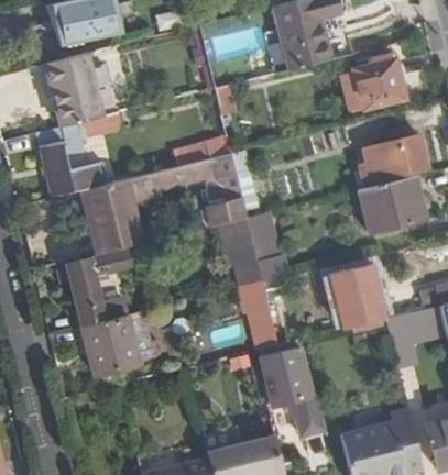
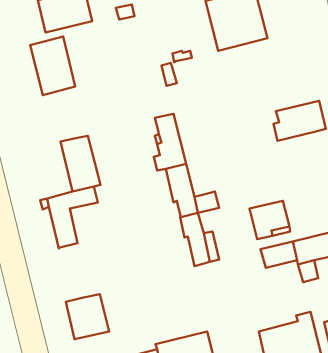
building: [338,52,405,111] -> none
building: [35,112,124,197] -> none
building: [119,157,210,202] -> none
building: [358,175,426,233] -> none
building: [247,211,280,259] -> none
building: [83,316,139,374] -> [66,294,109,339]
building: [260,345,326,438] -> none

